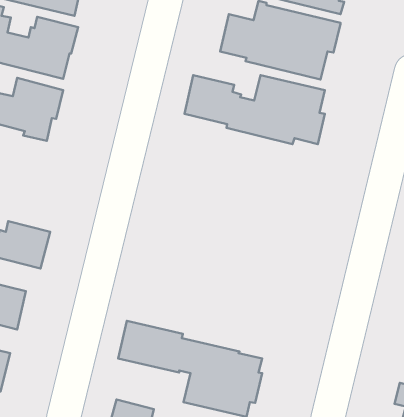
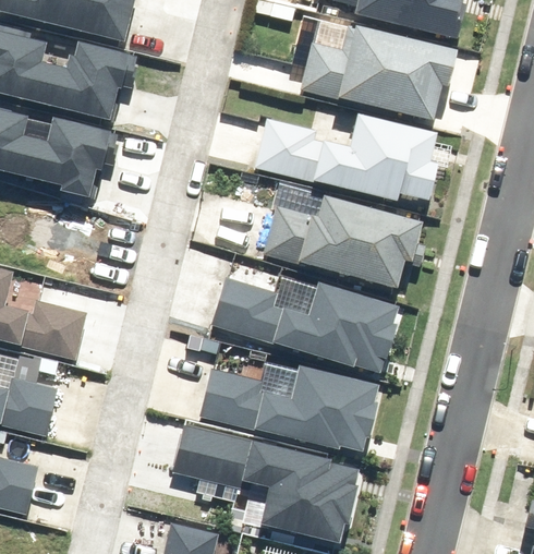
building: none -> [266,196,418,289]
building: none -> [215,275,393,373]
building: none -> [203,365,375,451]

